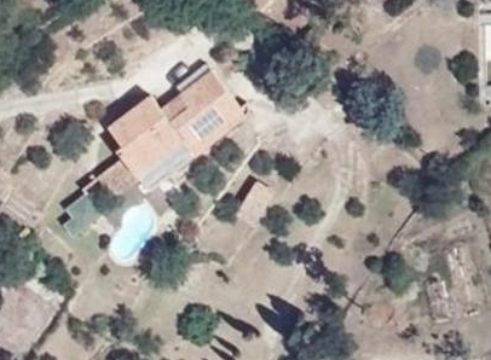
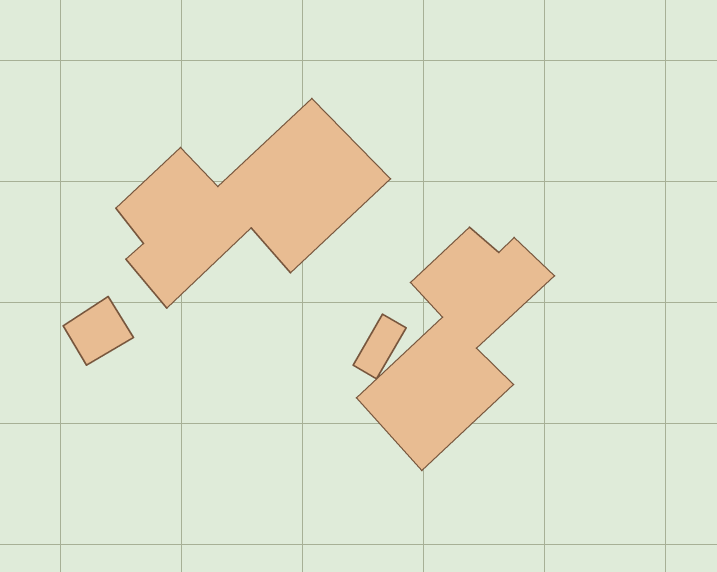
building: none -> [357,227,554,470]

